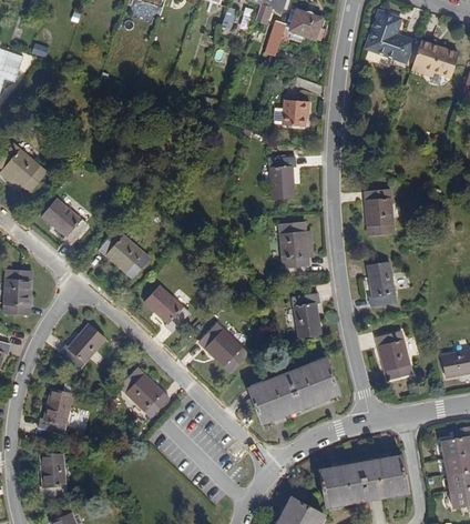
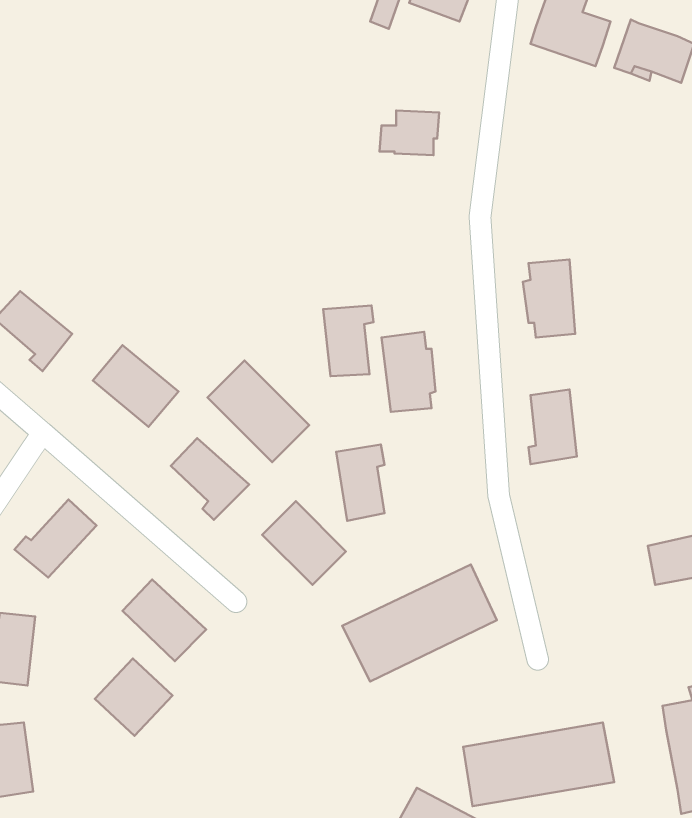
building: [272,154,302,196] -> [323,305,373,376]
building: none -> [207,360,309,462]
building: [290,295,319,341] -> [336,444,384,521]
building: [368,325,403,374] -> none
building: none -> [95,659,173,736]

